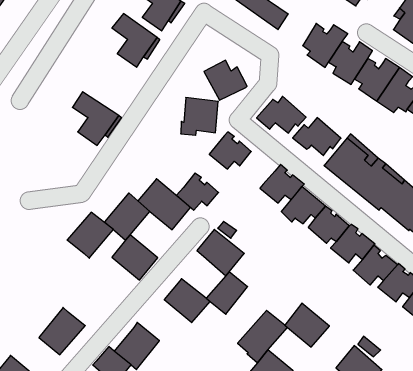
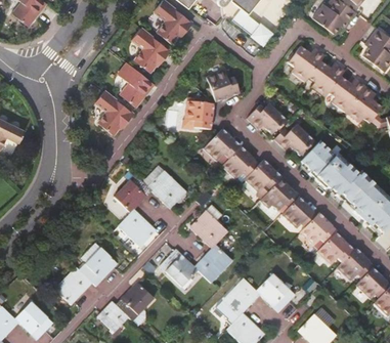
building: none -> [117,61,154,106]
building: [177,173,219,210] -> [223,147,258,178]
building: [67,212,113,258] -> [80,249,119,287]

